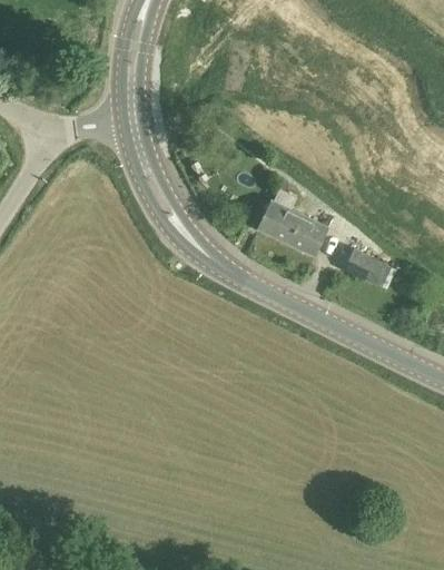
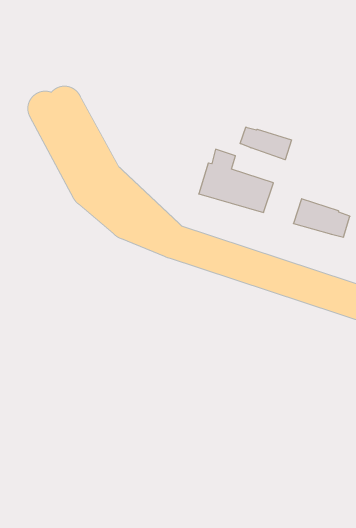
building: none -> [240,127,291,160]

